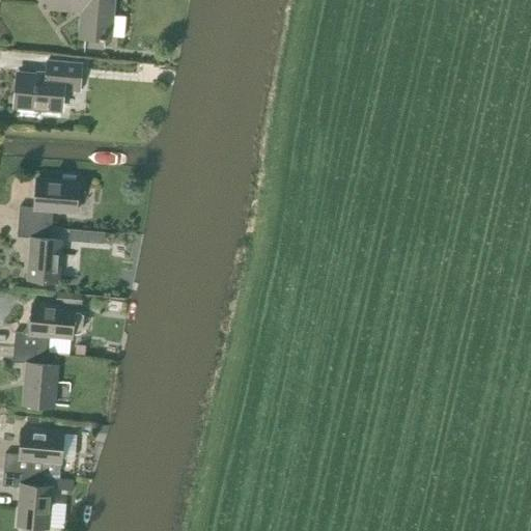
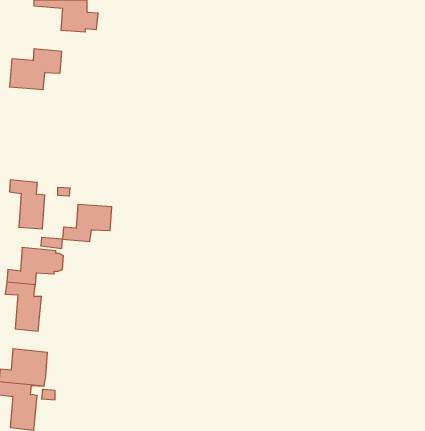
building: [19,179,79,225] -> [63,204,112,242]

